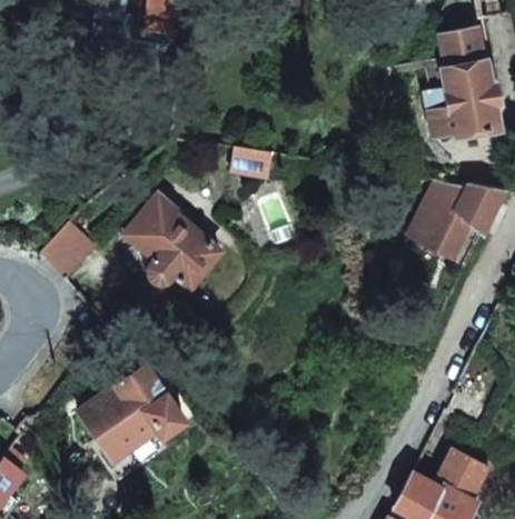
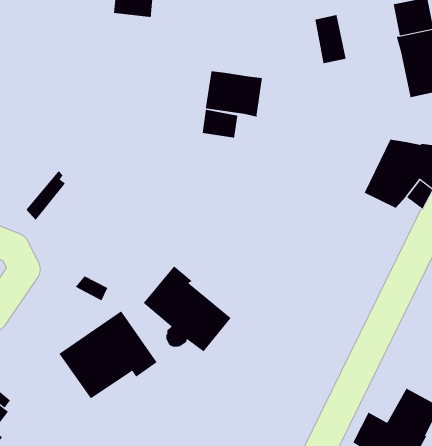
building: [420,87,455,140] -> [315,14,347,64]
building: none -> [205,70,262,117]
building: [125,194,220,288] -> [143,266,232,352]

